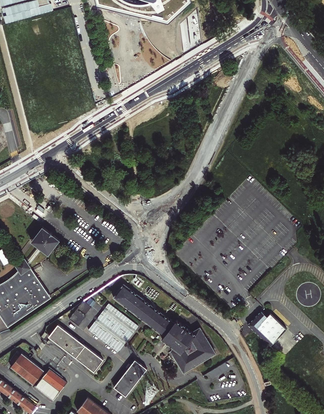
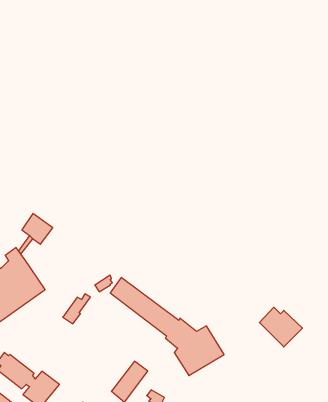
building: [87,304,137,353] -> none
building: [48,326,102,372] -> none

